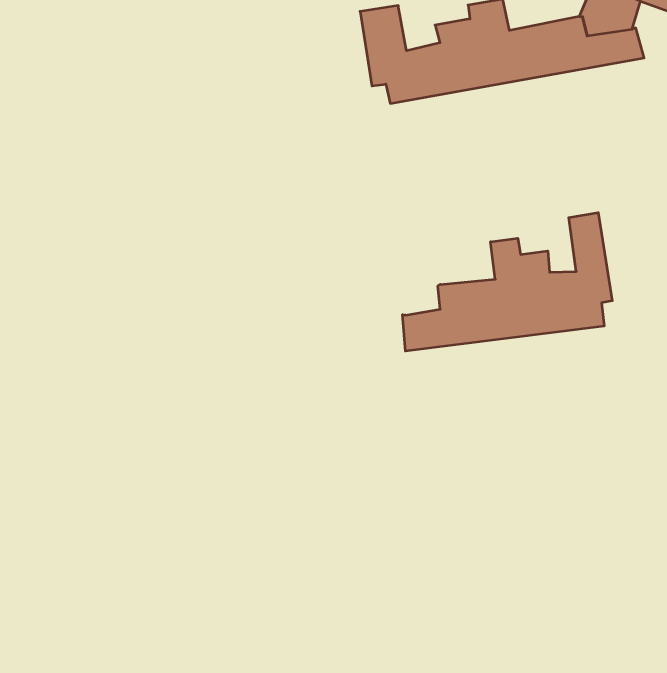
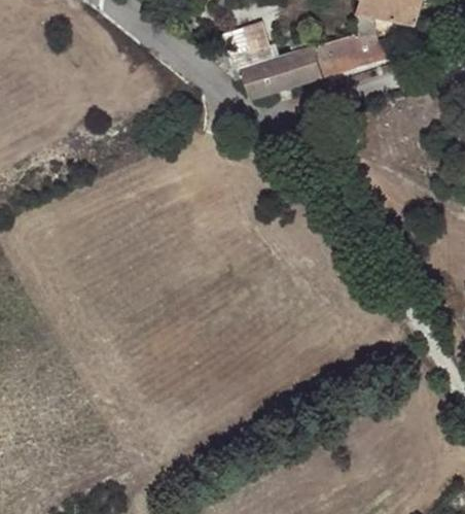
building: [403,213,612,351] -> none

